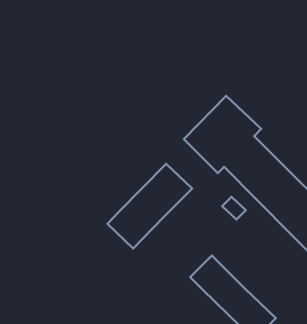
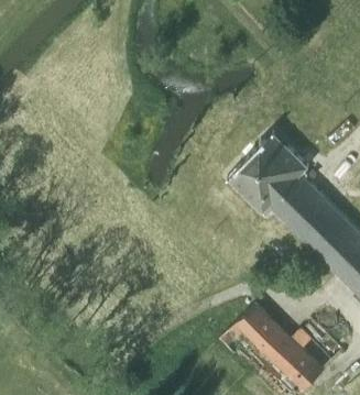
building: [107,164,192,249] -> none

